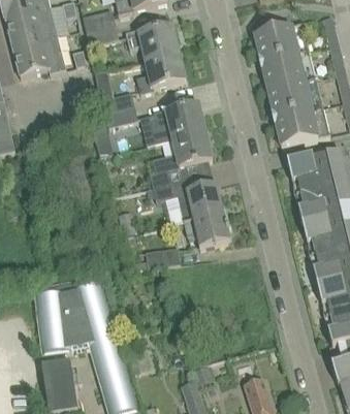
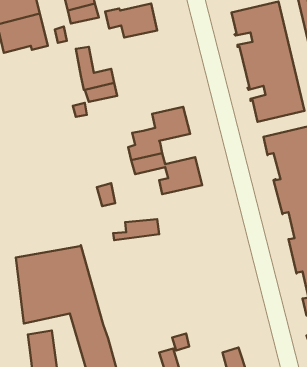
building: [135,53,185,94] -> none
building: [147,103,204,144] -> none
building: [183,212,230,247] -> none

